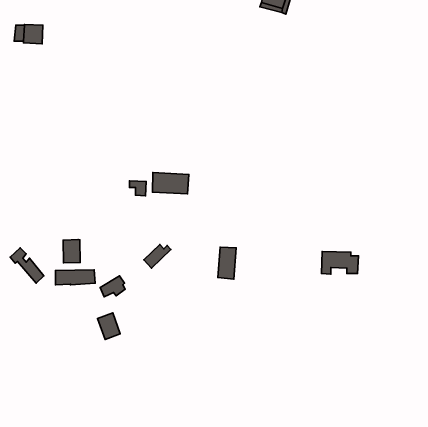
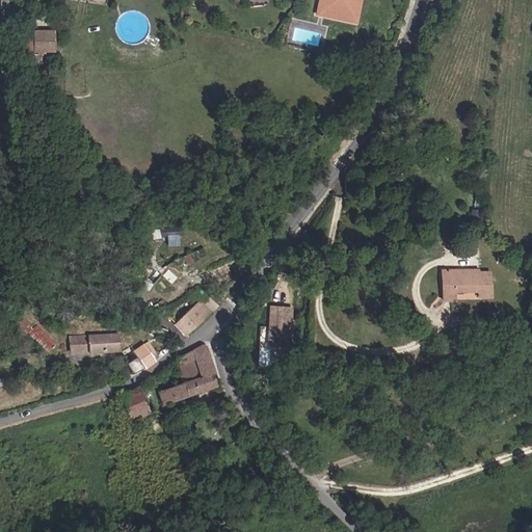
building: [152,173,189,194] -> none
building: [63,240,80,263] -> none
building: [321,251,358,274] -> [442,273,487,301]
building: none -> [160,345,215,404]

